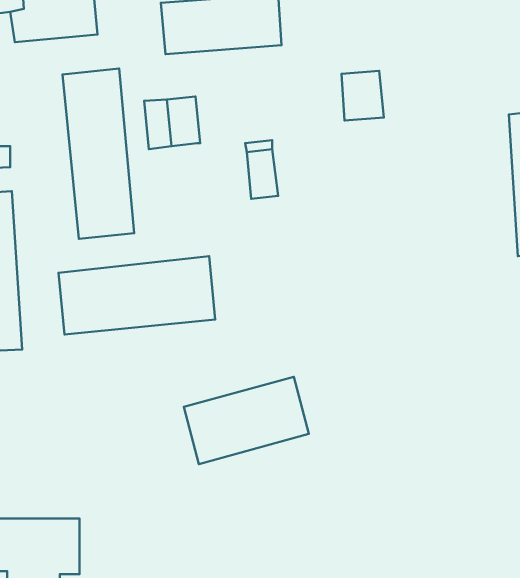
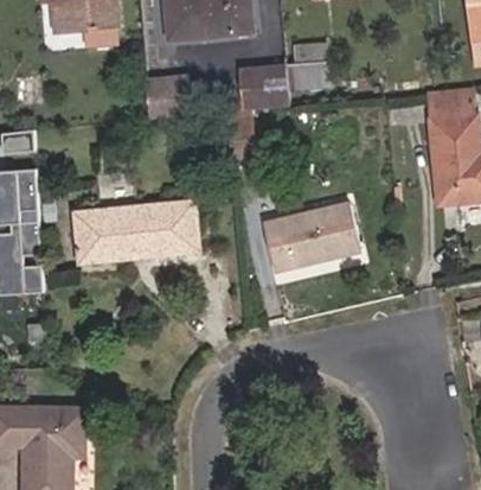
building: [63,69,134,239] -> none
building: none -> [242,63,288,109]
building: [184,377,309,464] -> [256,202,354,271]

